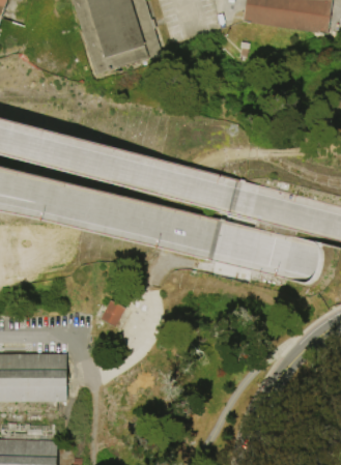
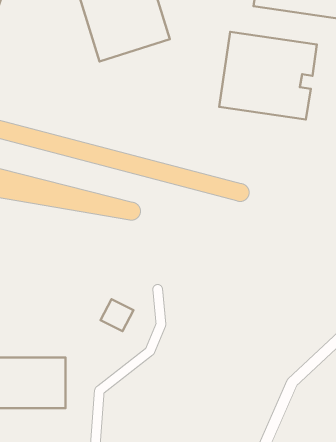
building: none -> [219,32,317,119]

